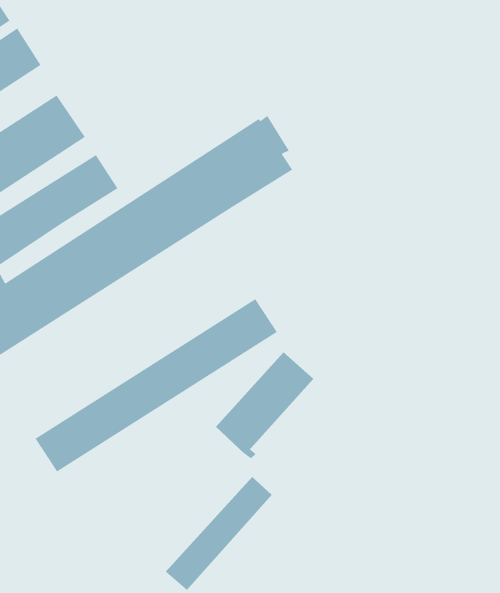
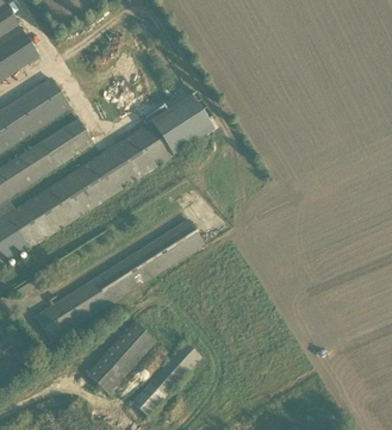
building: [215,351,314,459] -> [87,322,156,397]

